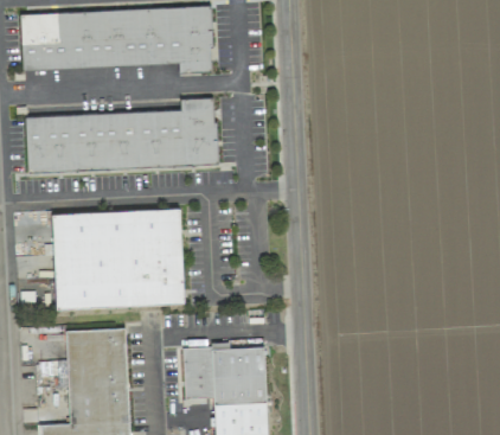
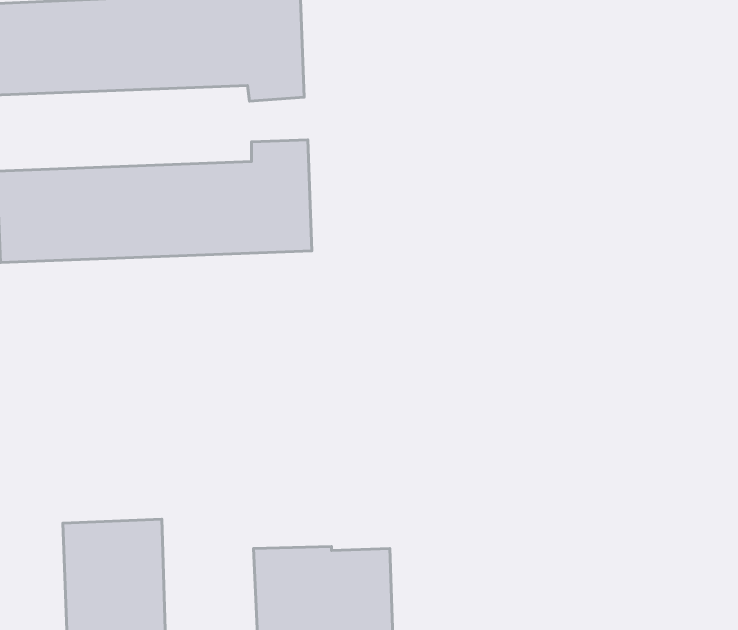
building: [52,209,184,308] -> none

